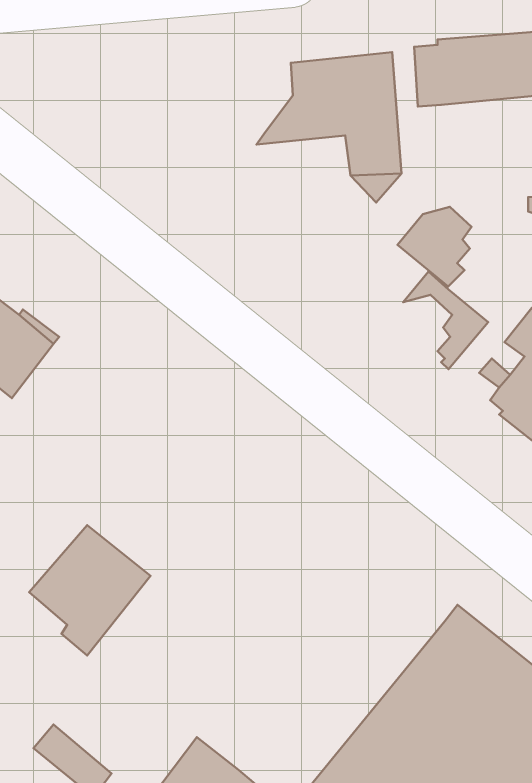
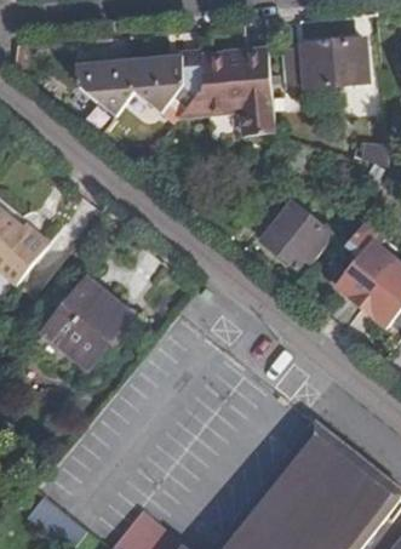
building: none -> [75,56,205,113]
building: [397,207,472,287] -> [262,213,311,267]
building: [29,525,150,656] -> [46,274,127,361]

